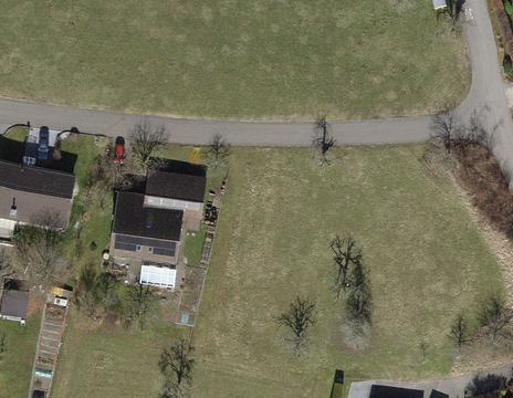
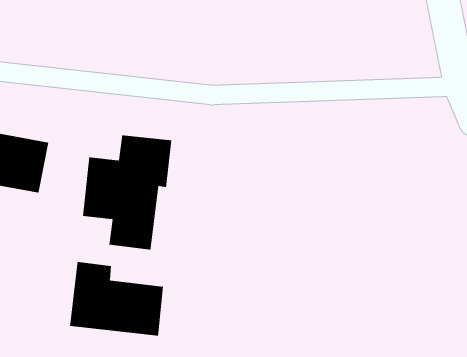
building: none -> [69,261,164,337]

